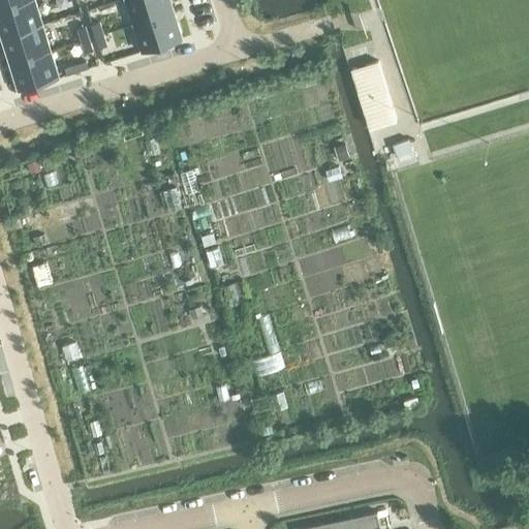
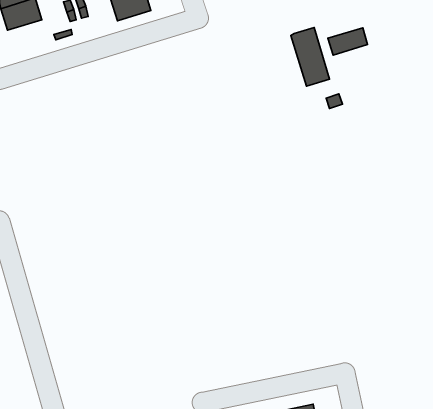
building: [9,52,59,91] -> none
building: none -> [328,28,367,55]

